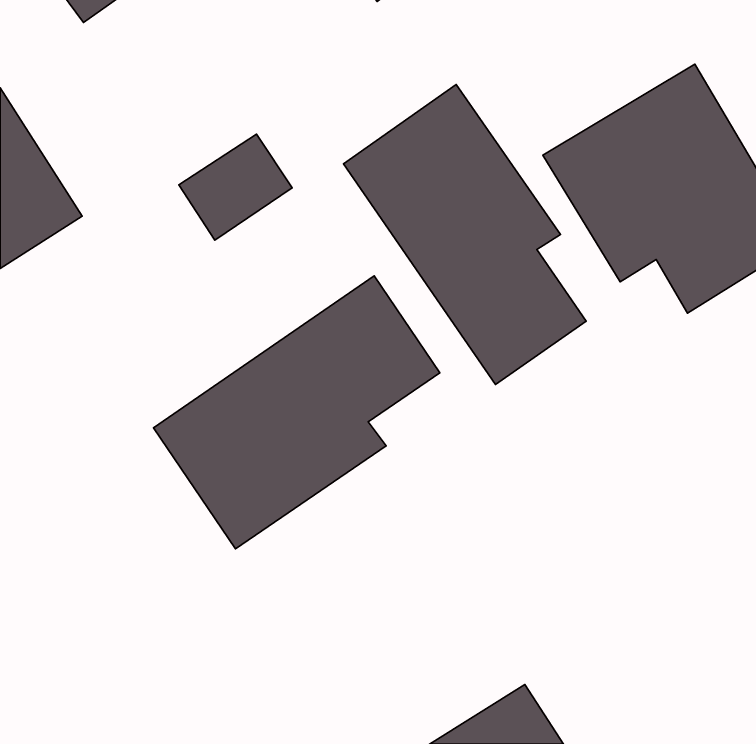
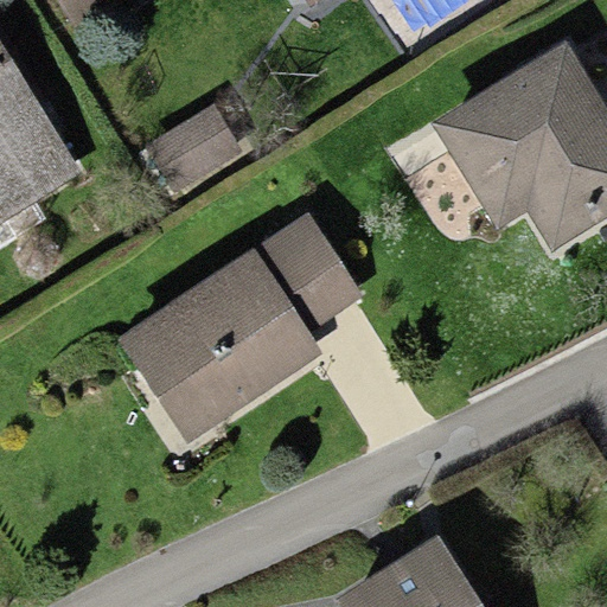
building: [343,85,586,385] -> none

